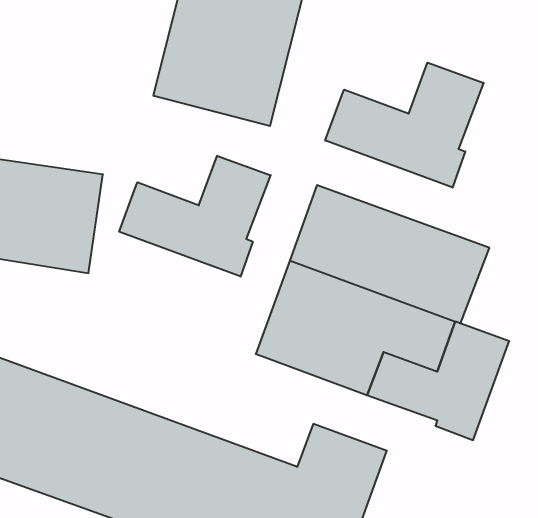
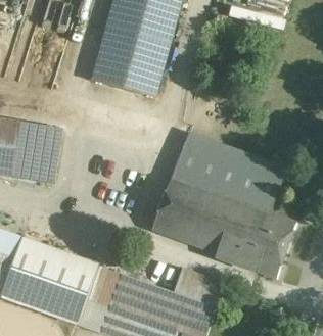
building: [325,63,484,188] -> none
building: [119,156,271,277] -> none

